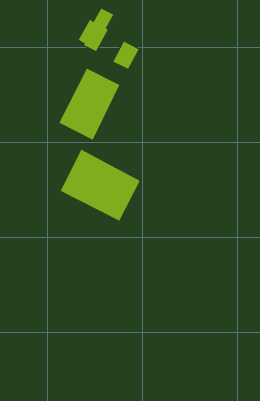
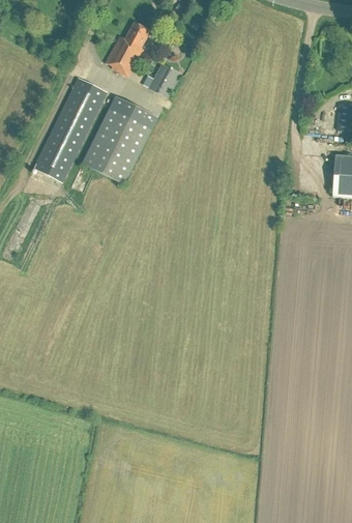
building: none -> [33,77,107,182]
building: [60,149,140,221] -> none

